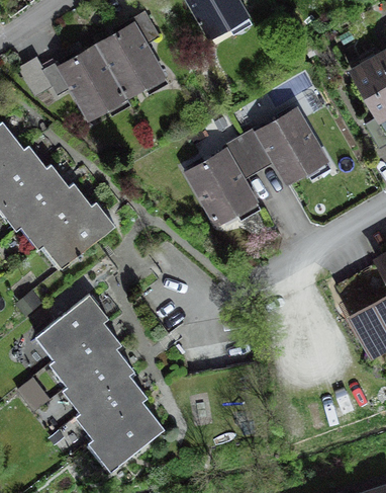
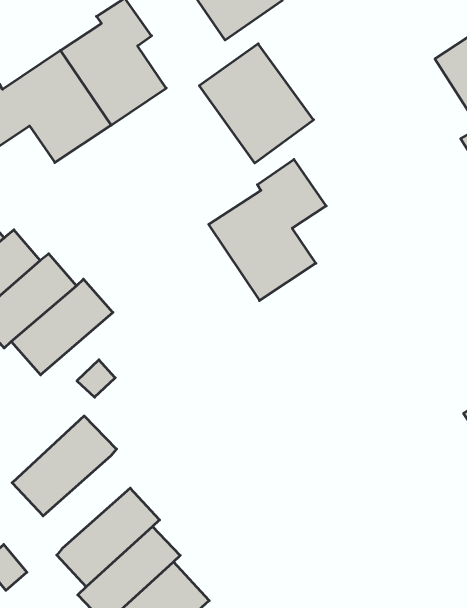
building: [253,108,328,189] -> [199,44,314,163]
building: [53,323,121,384] -> none

